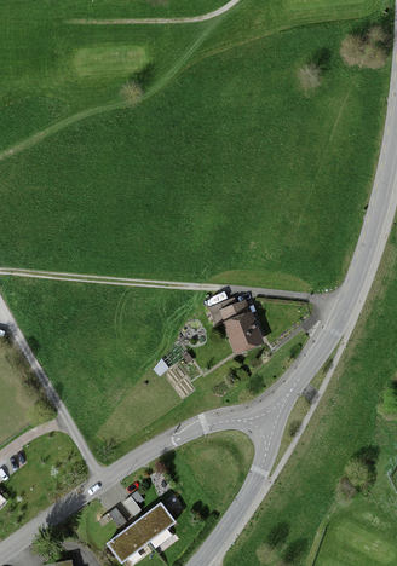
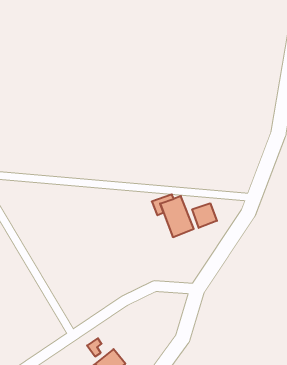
building: none -> [192,203,217,228]

